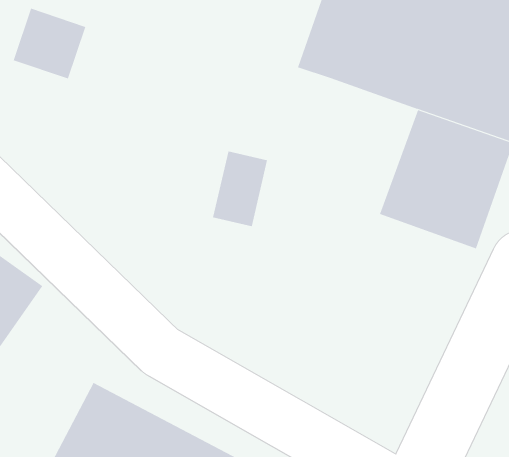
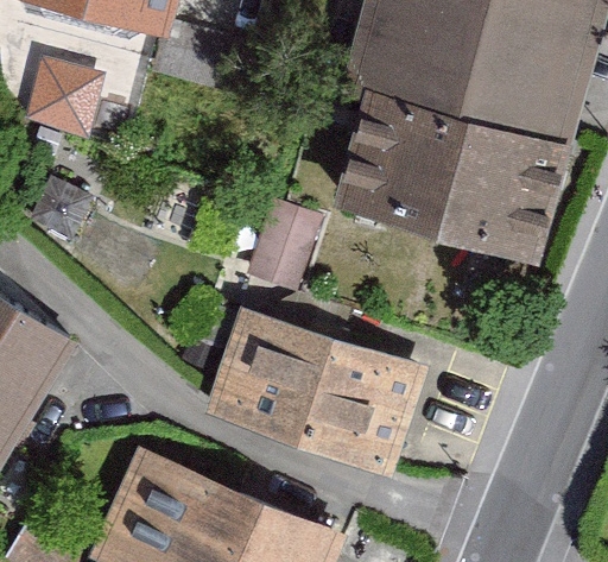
building: none -> [338,105,470,251]
building: none -> [223,296,424,467]

